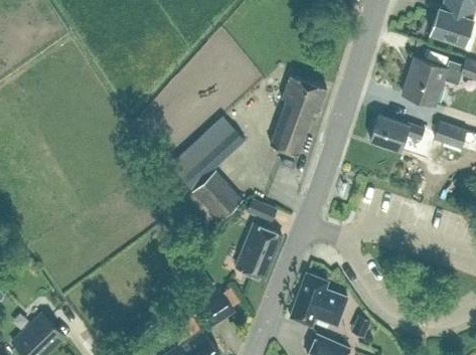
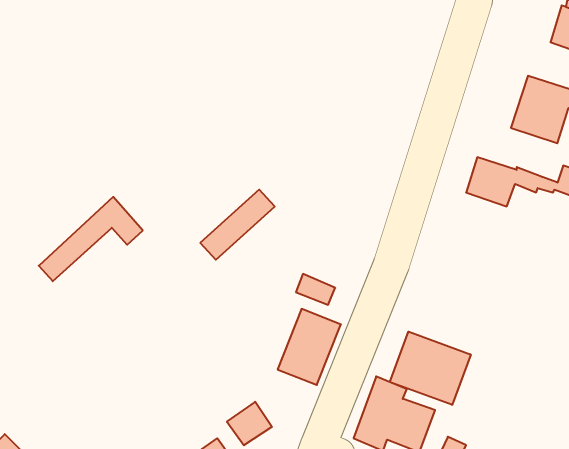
building: [271,75,327,156] -> none
building: [170,117,245,177] -> [39,197,143,281]
building: [193,171,242,220] -> none
building: none -> [390,332,471,405]

